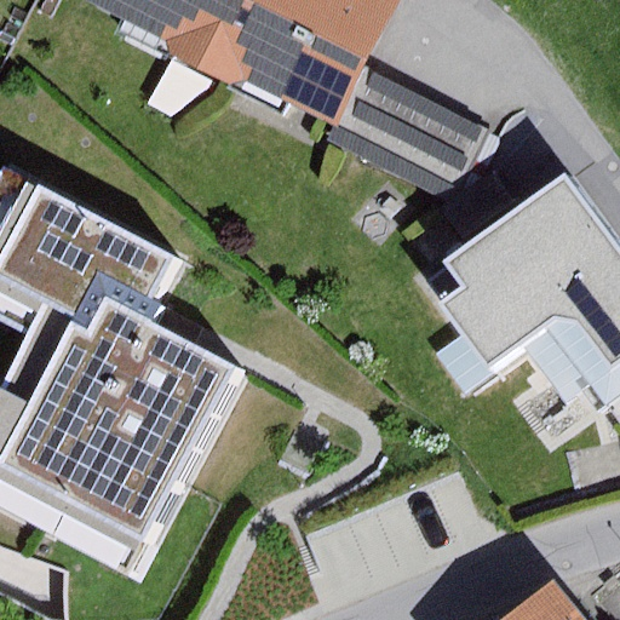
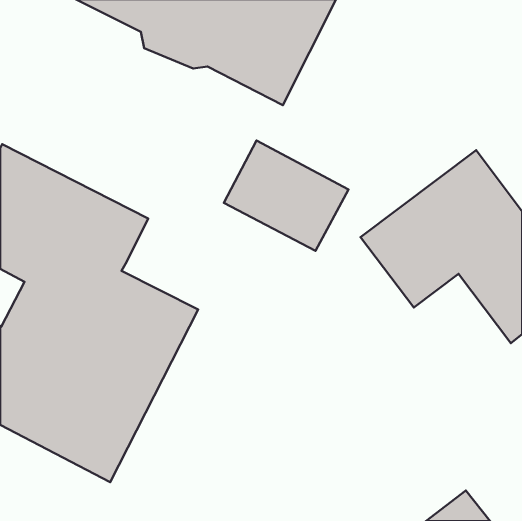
building: [335,70,483,201] -> [224,140,348,251]

